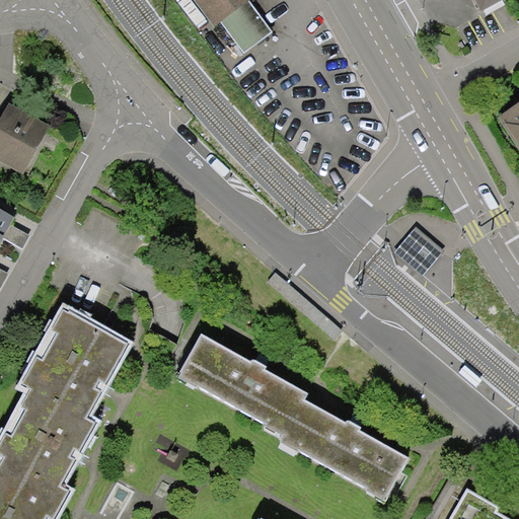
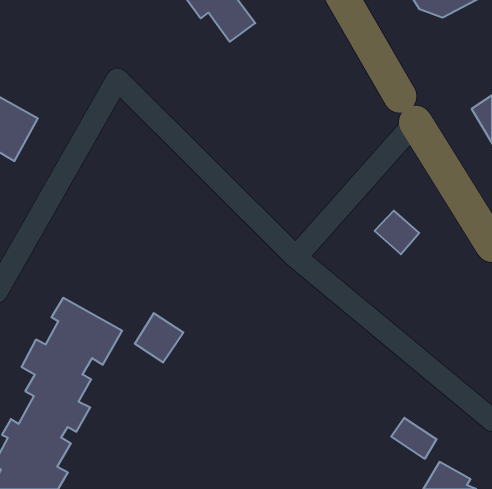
building: none -> [135,313,183,363]
building: [184,341,407,498] -> none
building: none -> [391,418,437,459]

